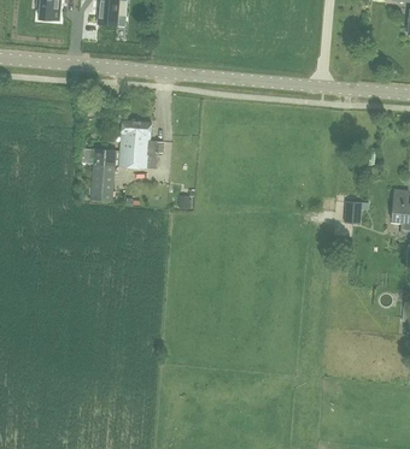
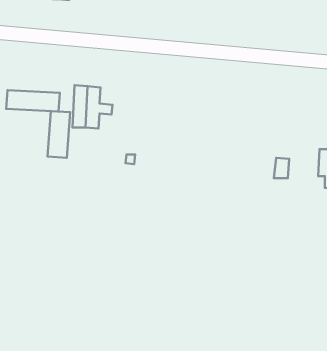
building: none -> [6,90,60,112]

